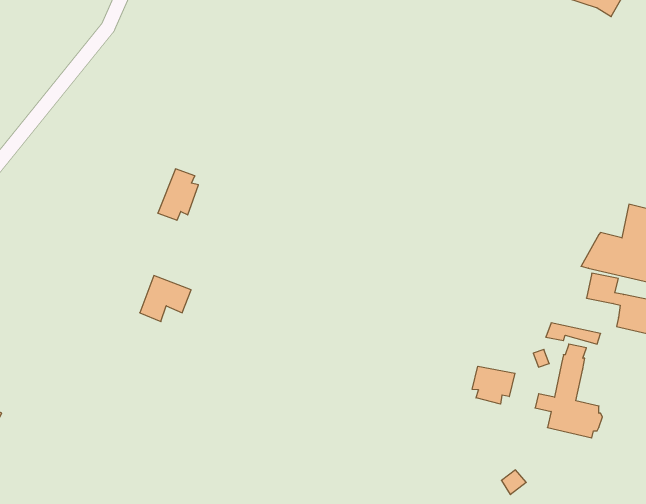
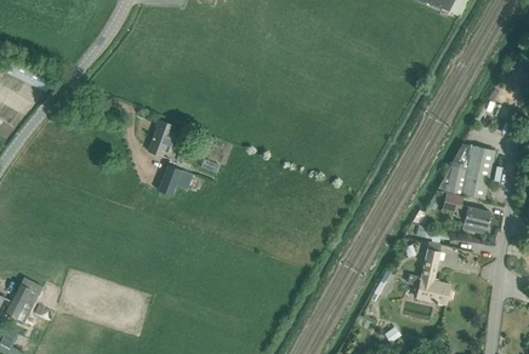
building: [140,276,191,322] -> [158,165,193,196]
building: [472,366,515,404] -> none

